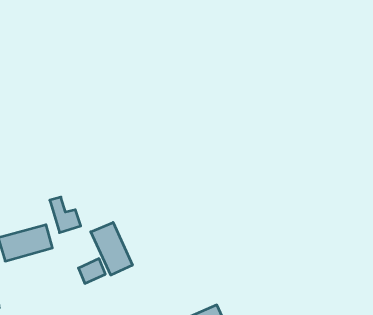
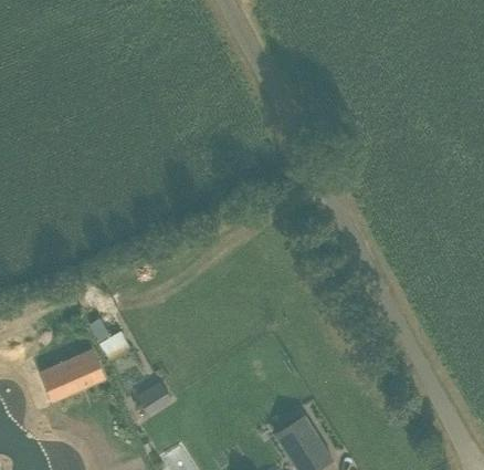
building: [91,222,132,275] -> none

